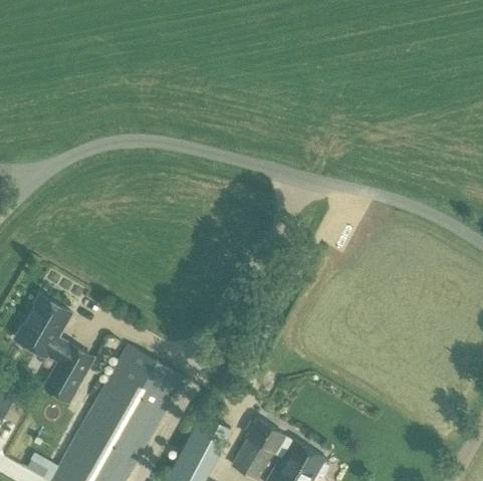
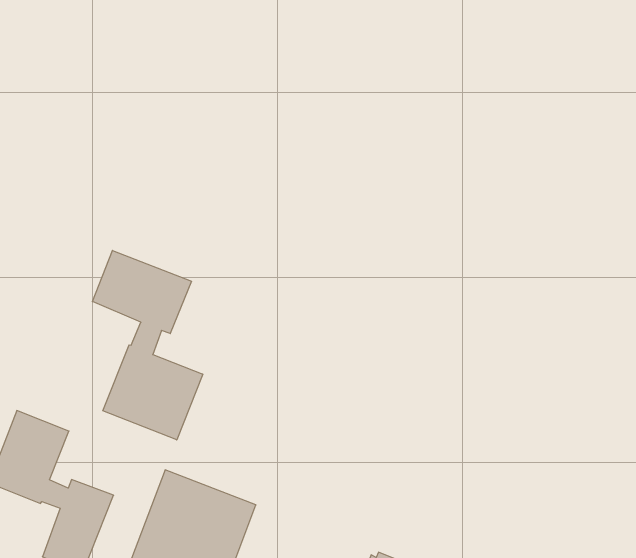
building: none -> [92,250,203,440]

